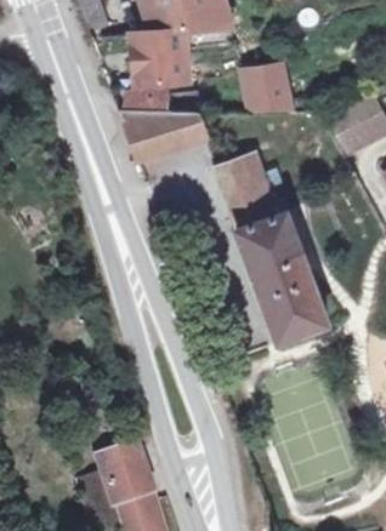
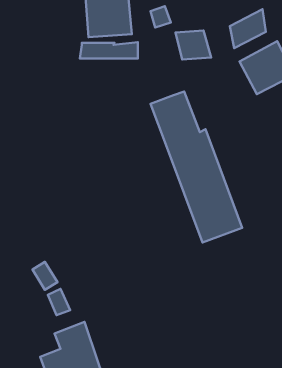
building: none -> [230,9,266,48]
building: [119,110,208,162] -> none

